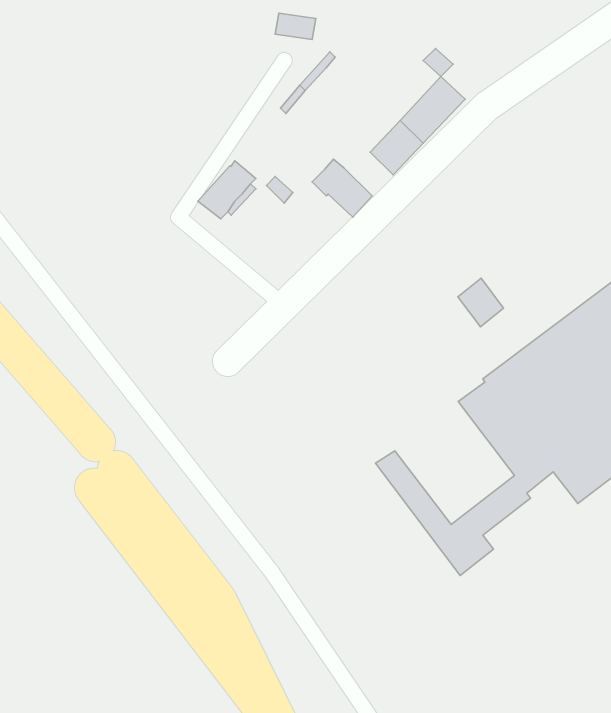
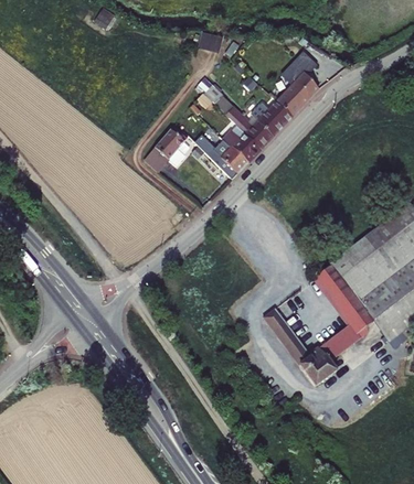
building: none -> [225,108,273,149]
building: none -> [213,140,247,180]
building: [458,278,504,327] -> none

